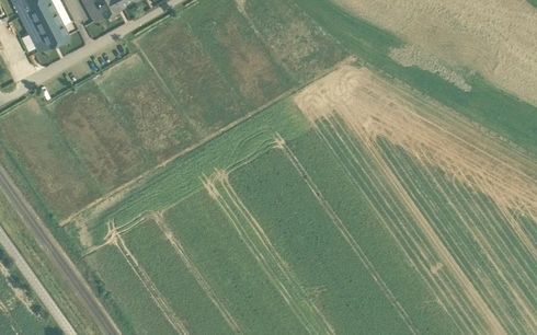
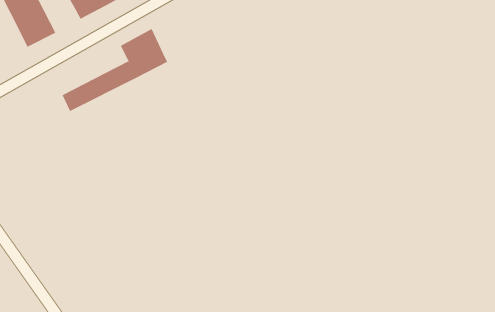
building: none -> [62,28,168,112]

